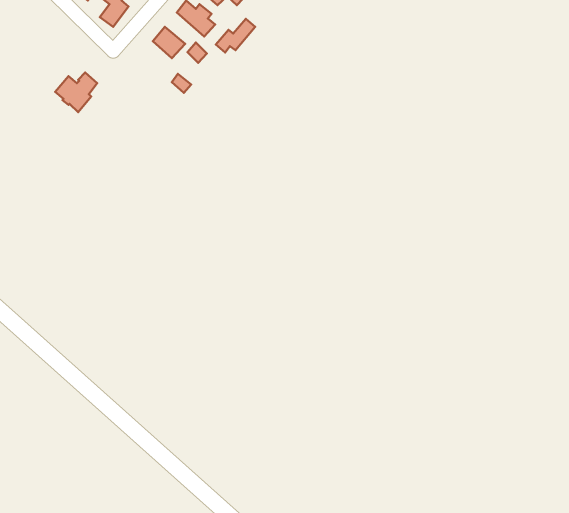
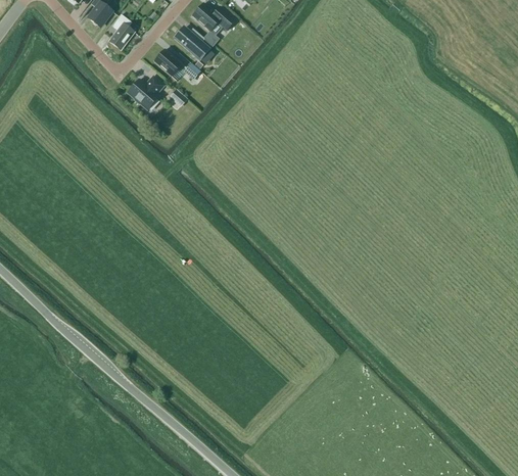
building: [216,19,255,53] -> none
building: [55,73,97,112] -> [128,76,163,109]

